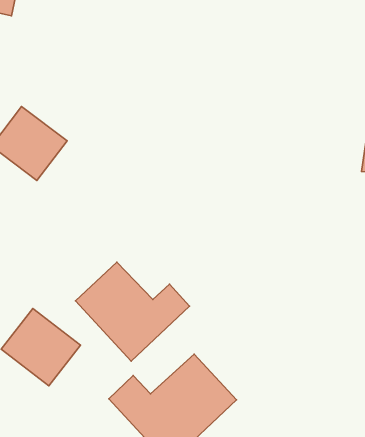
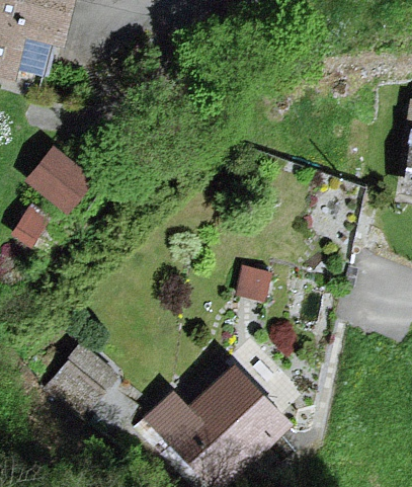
building: [75,262,189,361] -> none

